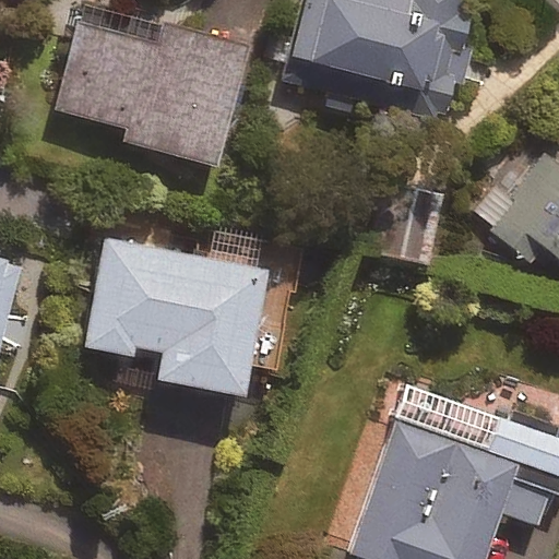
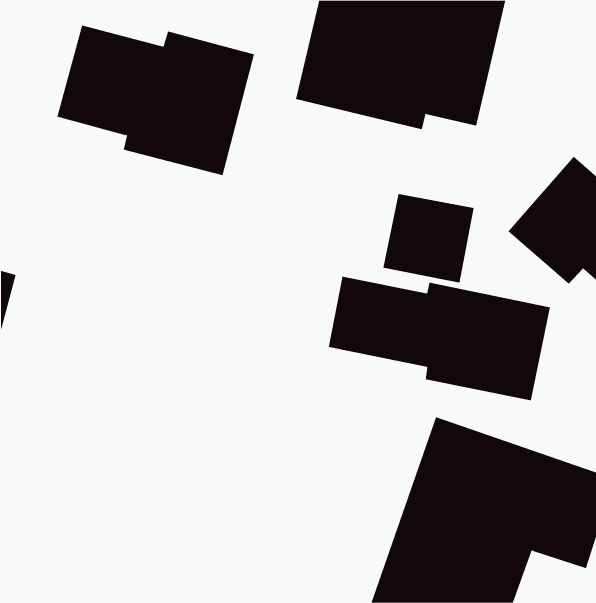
building: [82,224,293,392] -> none
building: none -> [328,276,551,401]

